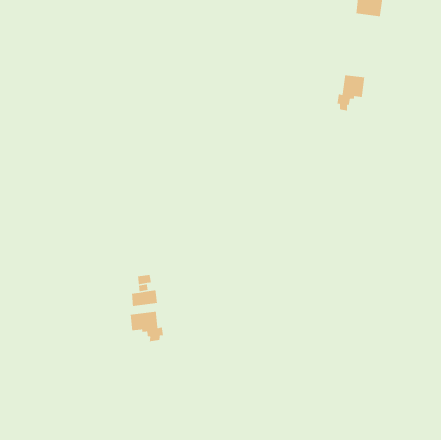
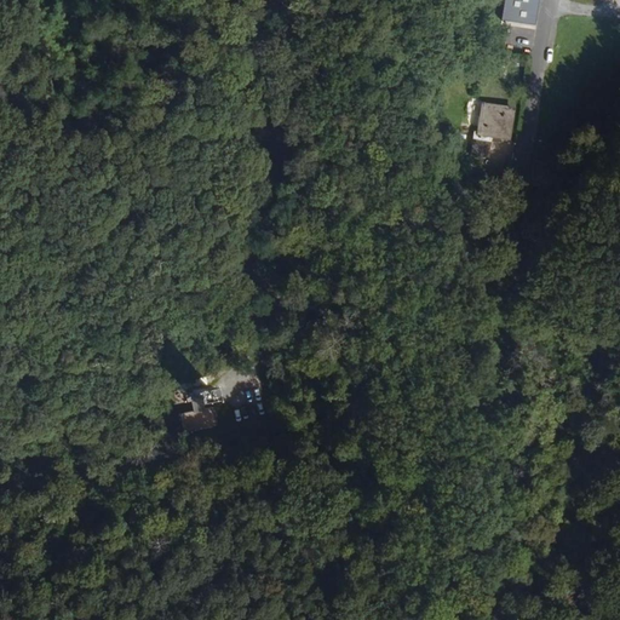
building: [130,311,164,342] -> none

